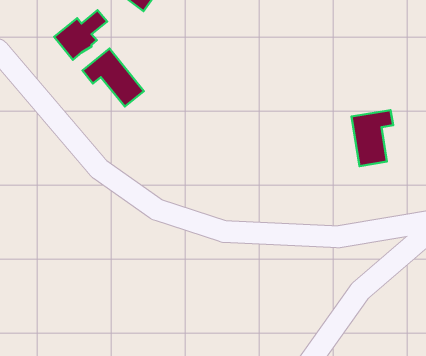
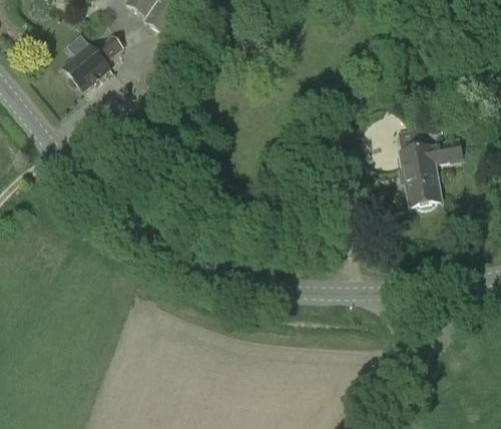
building: [82,49,144,107] -> none

